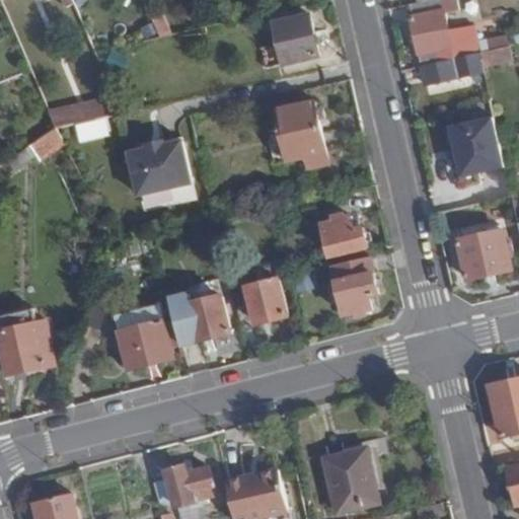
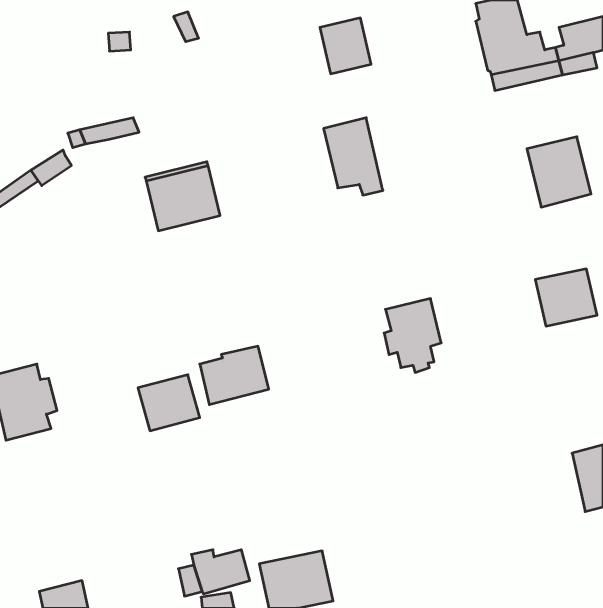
building: [320,213,366,255] -> none
building: [245,278,284,322] -> none
building: [323,451,376,514] -> none

